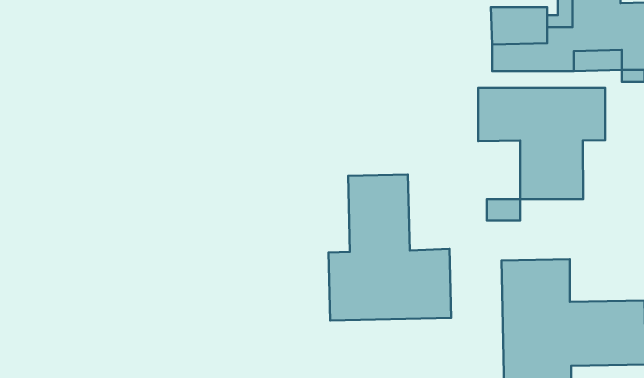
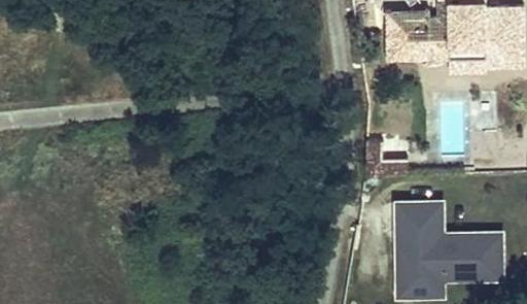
building: [478,88,605,199] -> none
building: [329,175,451,320] -> none

